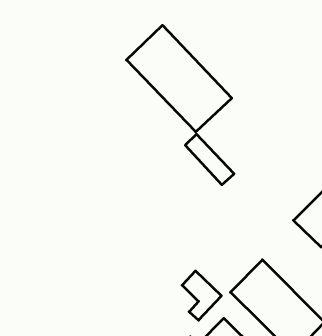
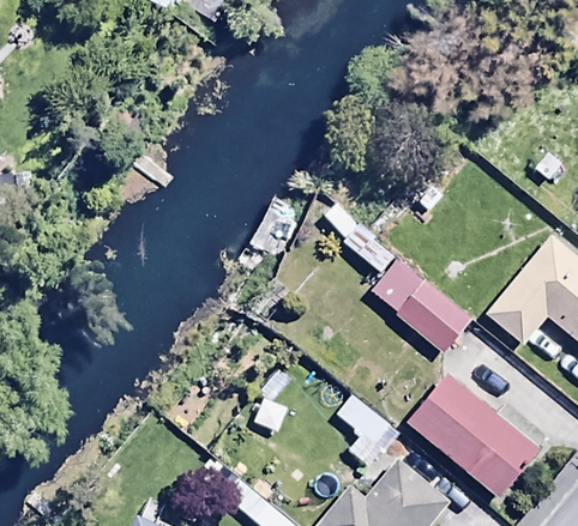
building: [126,25,232,132] -> none
building: none -> [367,256,472,353]

